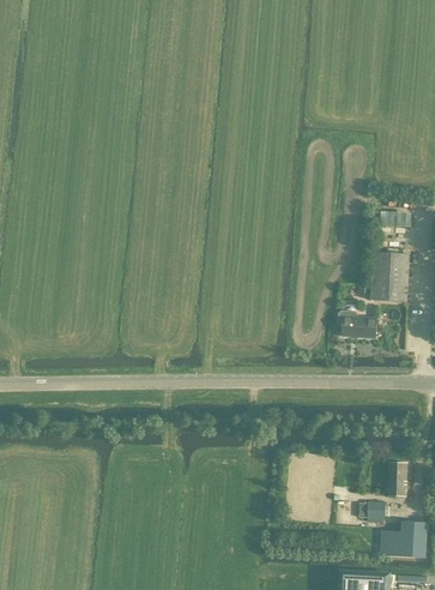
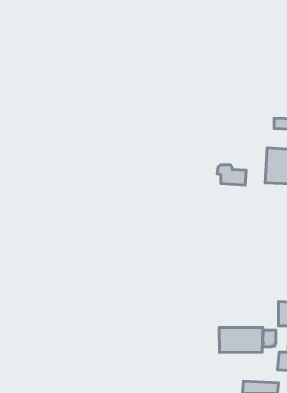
building: [336,311,375,338] -> [217,165,246,185]
building: none -> [219,327,263,352]

